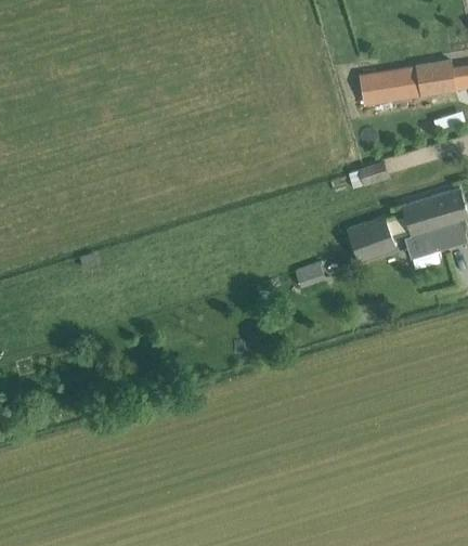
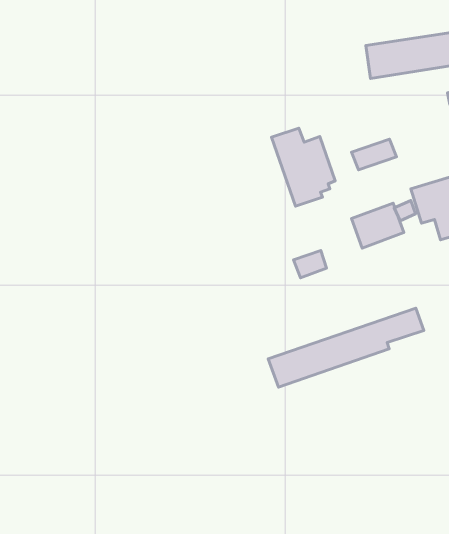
building: none -> [272,128,335,206]
building: none -> [268,308,424,387]

